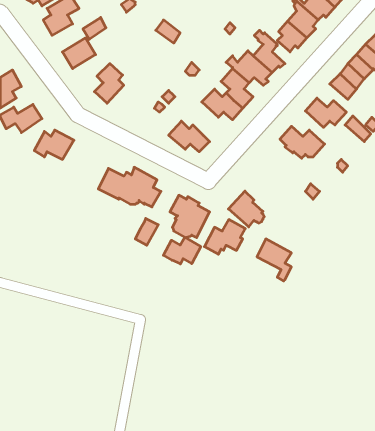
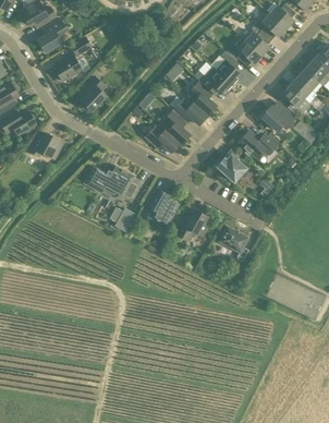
building: none -> [162,109,190,144]
building: [228,191,264,227] -> [217,150,247,181]
building: [163,237,201,264] -> none

